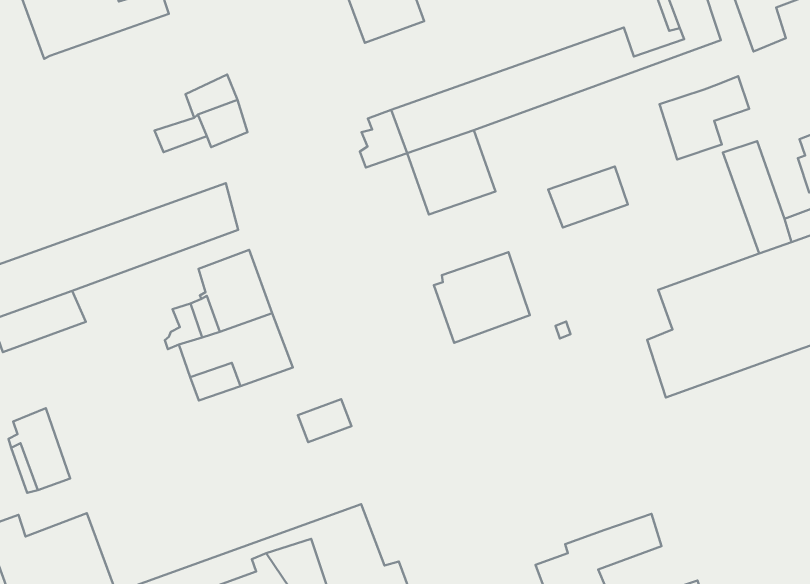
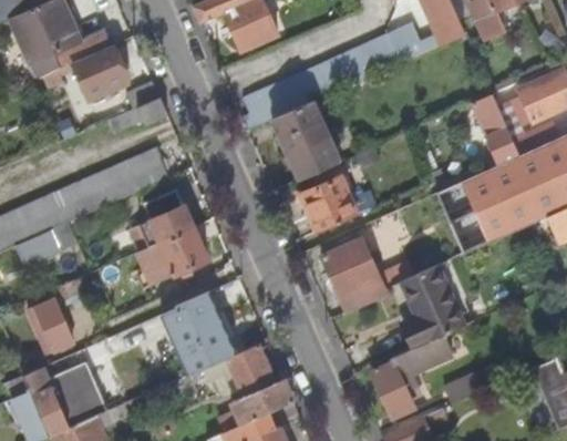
building: none -> [41,42,131,98]
building: [659,76,749,159] -> none
building: [548,167,628,228] -> [288,139,339,180]
building: none -> [321,238,385,311]
building: none -> [401,264,463,347]
building: none -> [162,286,238,370]

